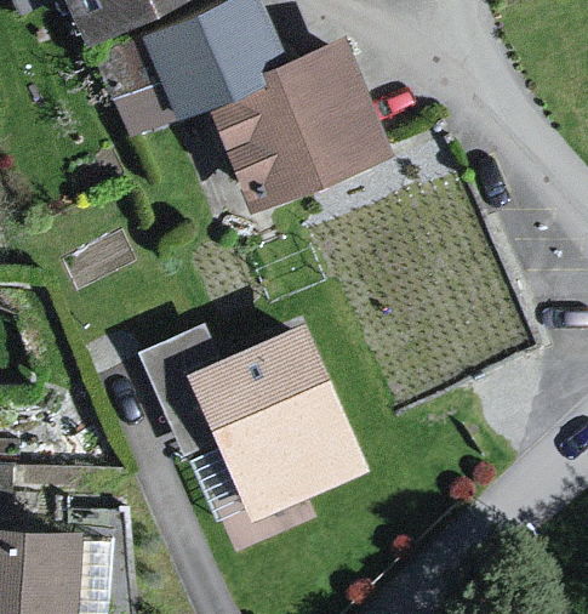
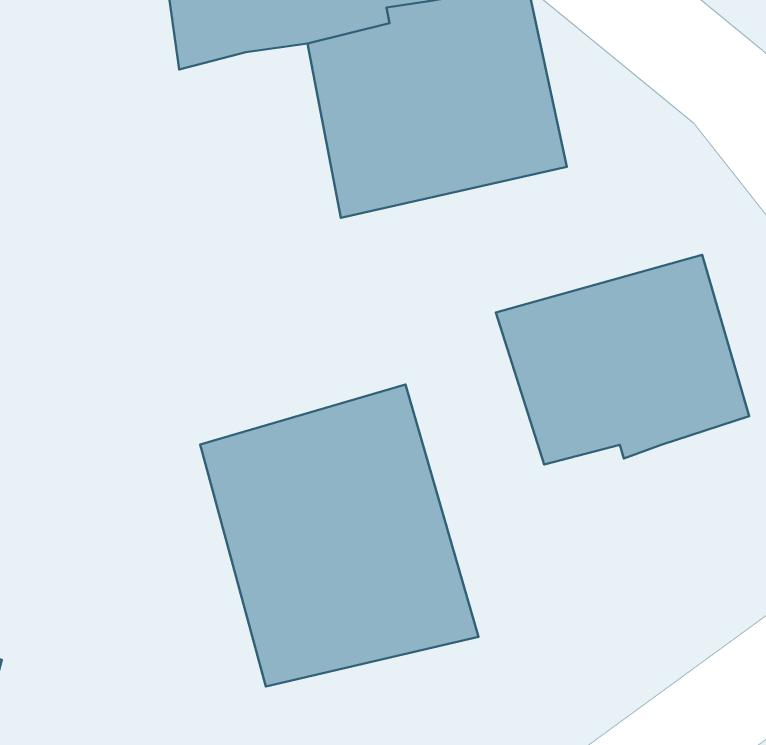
building: none -> [496,255,749,464]

